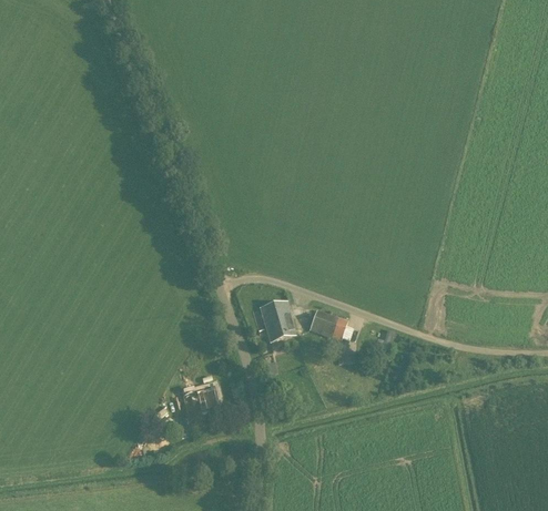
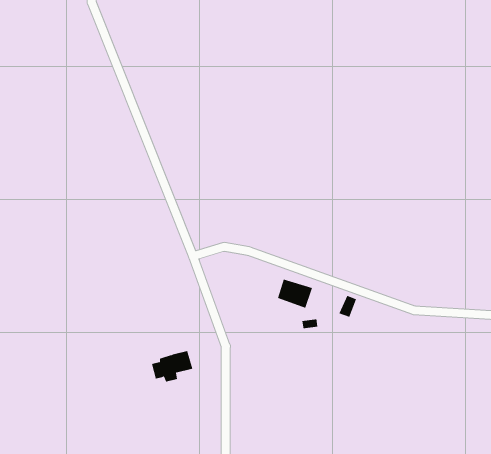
building: [260,298,296,340] -> none

